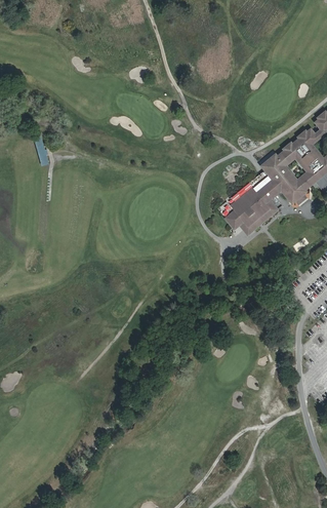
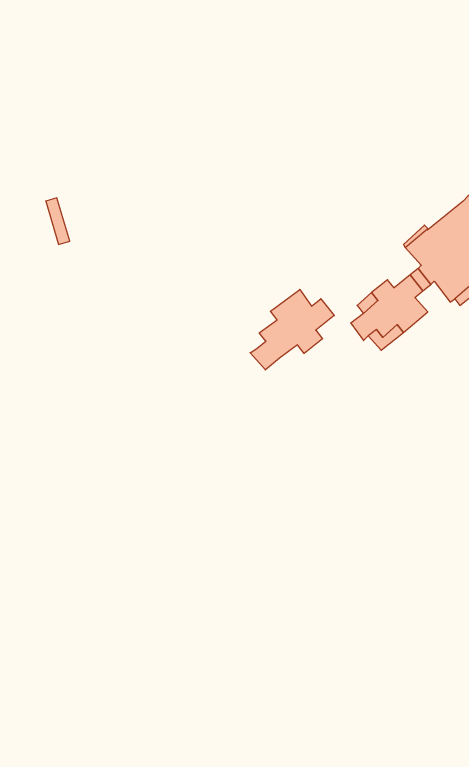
building: none -> [250,289,334,370]

